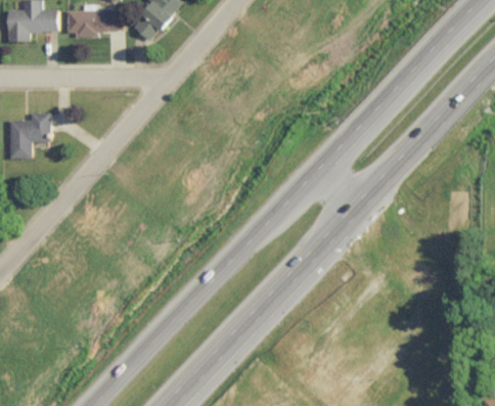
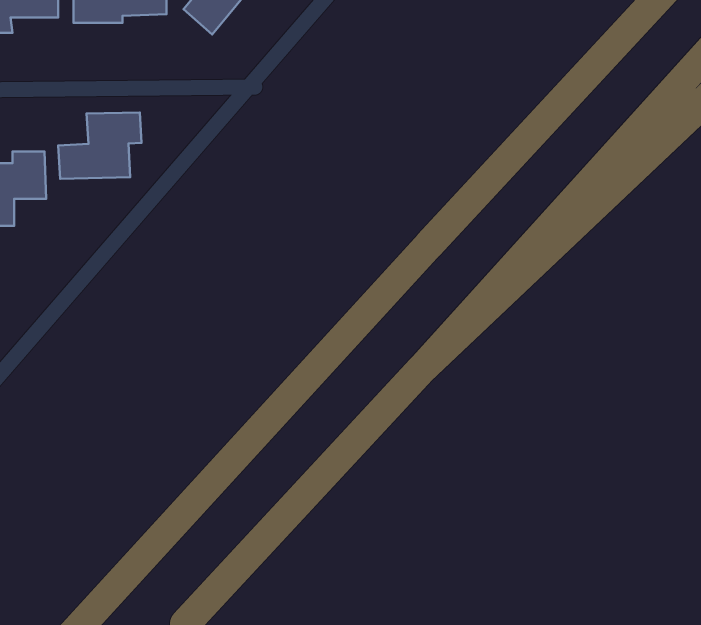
building: none -> [58,112,142,179]

